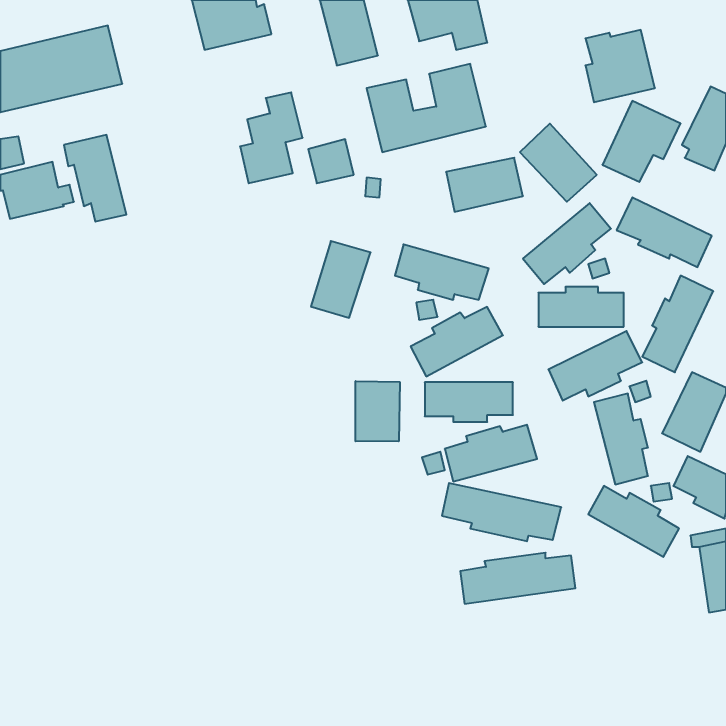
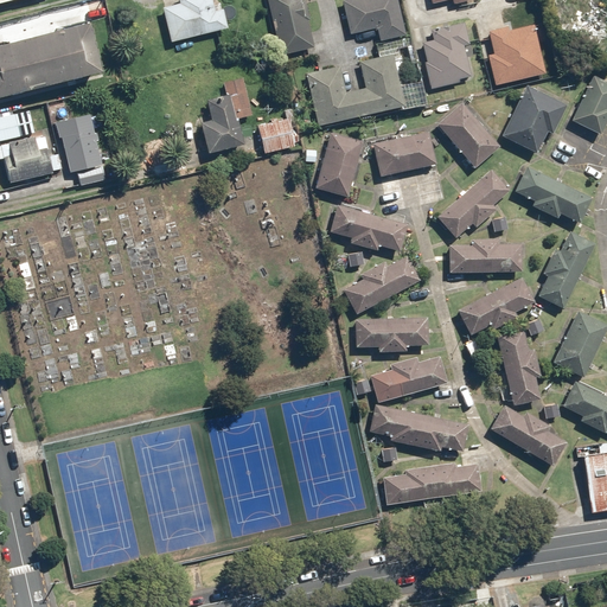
building: none -> [422,24,472,88]
building: [311,241,371,318] -> [315,132,365,196]
building: [356,381,400,441] -> none

